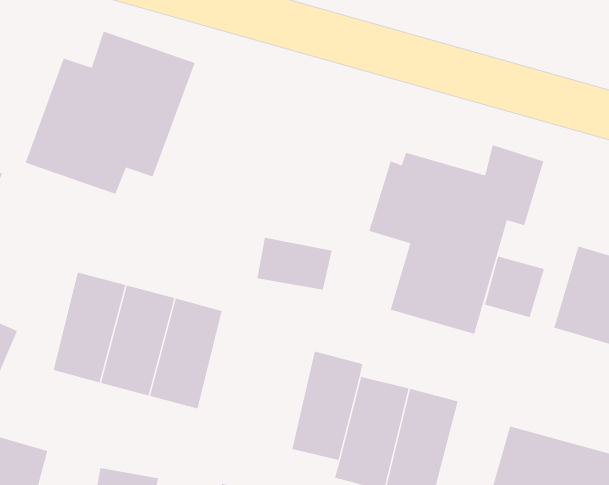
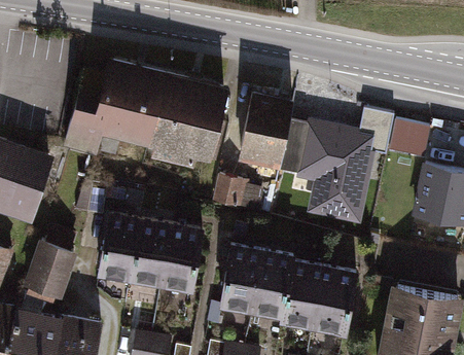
building: none -> [148,73,228,164]
building: none -> [239,93,299,164]
building: [484,256,545,318] -> [394,119,430,156]
building: none -> [219,244,261,312]

